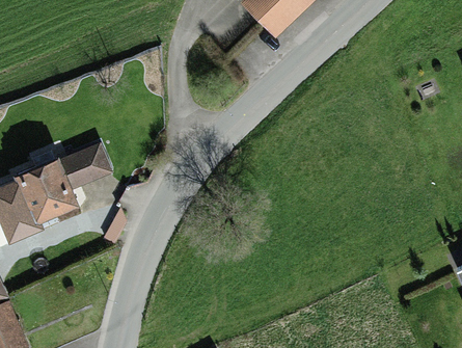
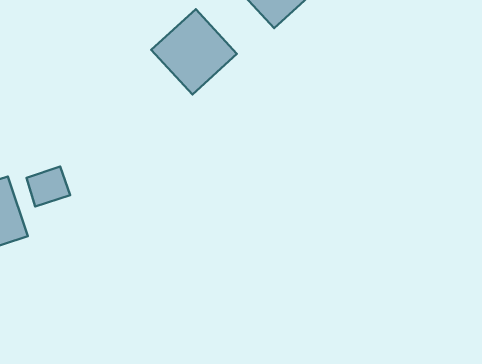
building: none -> [151,9,237,94]

